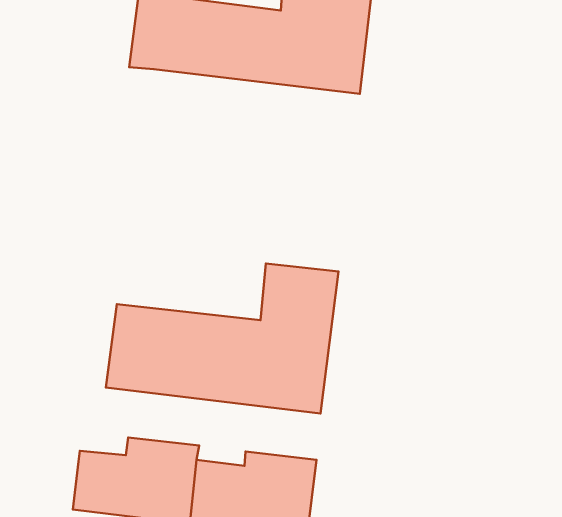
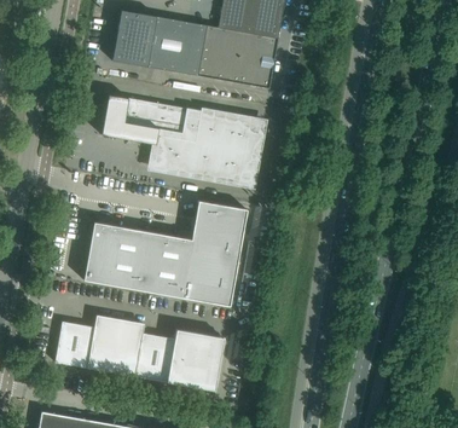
building: none -> [100,94,262,184]

